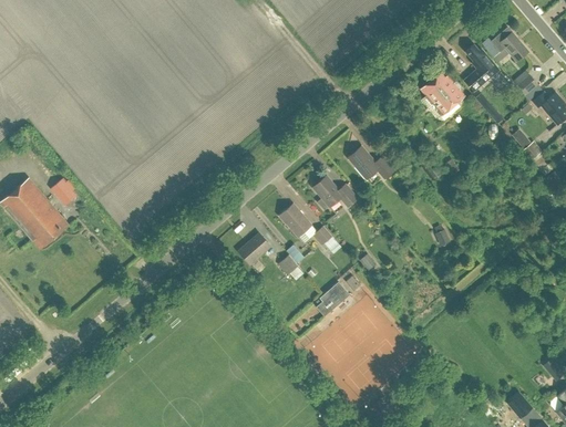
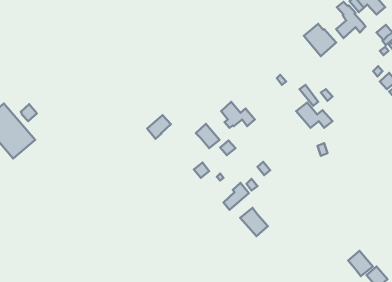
building: [348,146,395,179] -> [296,103,333,128]
building: [239,233,270,264] -> [147,115,171,139]
building: none -> [240,208,268,236]
building: none -> [348,251,373,276]

